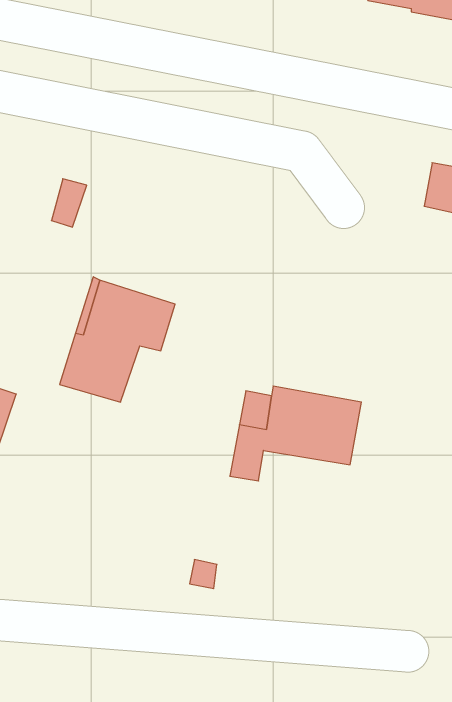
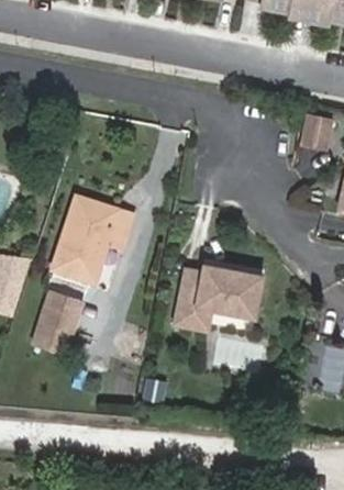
building: none -> [35,290,84,353]

